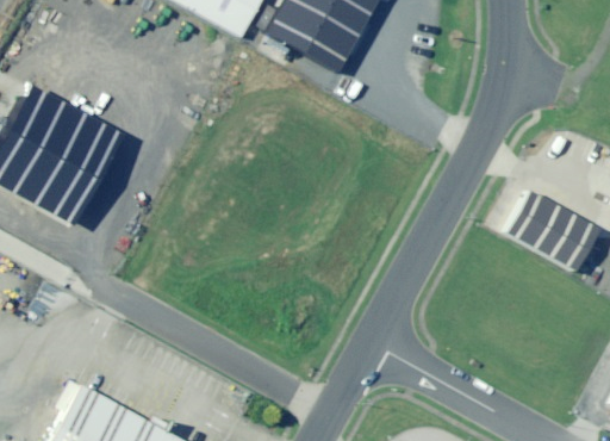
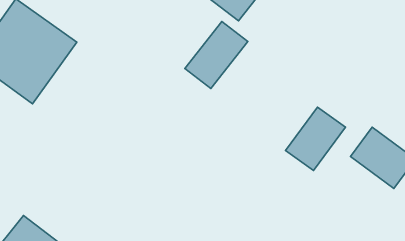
building: none -> [185,21,248,88]
building: none -> [286,107,345,171]

